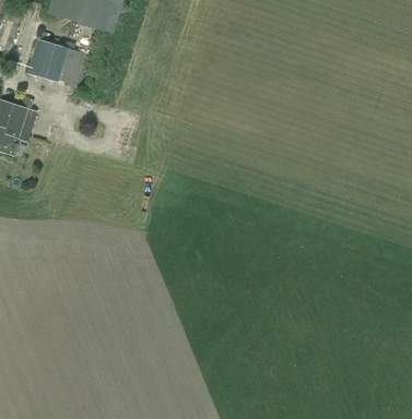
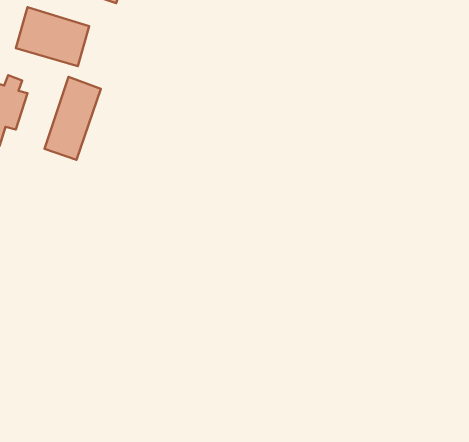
building: none -> [45,77,101,160]

